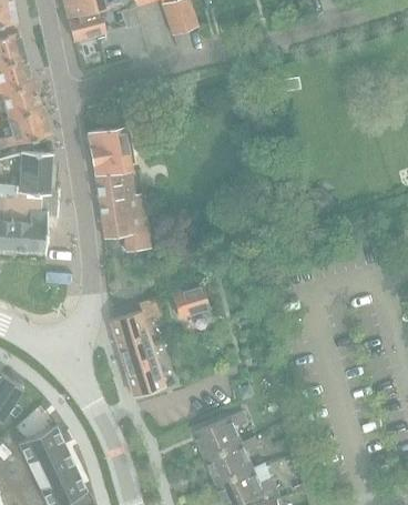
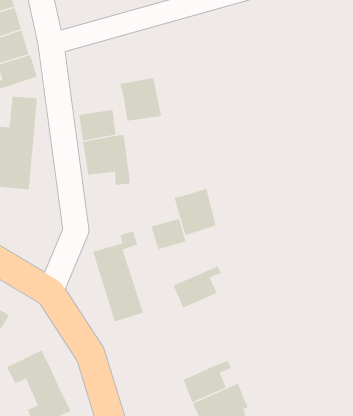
building: [86,125,132,173] -> [120,77,162,122]
building: none -> [174,188,217,236]
building: [195,411,248,457] -> [172,265,222,309]

